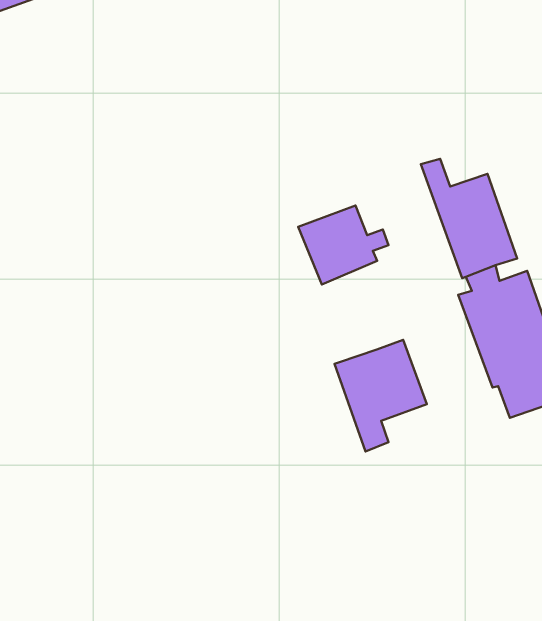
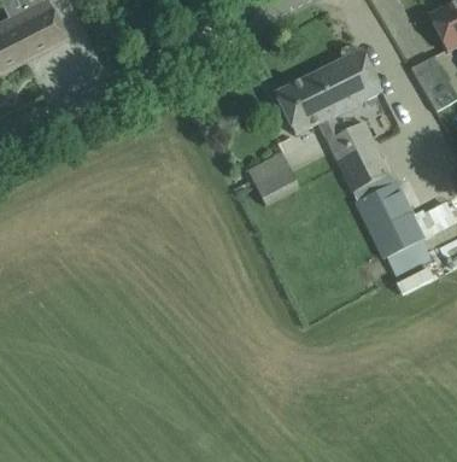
building: none -> [274,48,381,133]
building: [335,340,427,451] -> none

